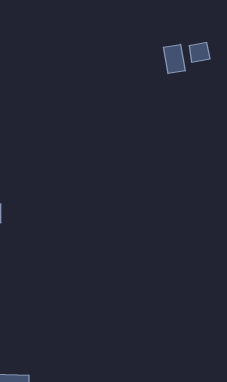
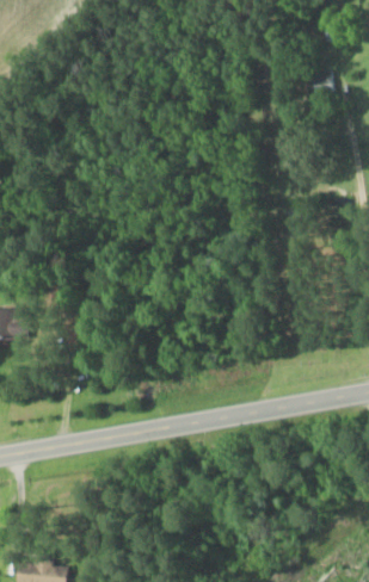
building: [163,44,185,74] -> none

